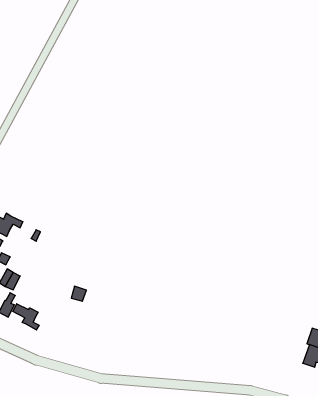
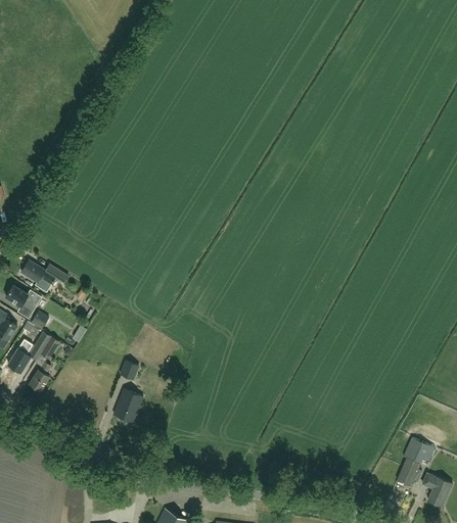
building: [13,304,39,330] -> none
building: none -> [112,389,142,422]

